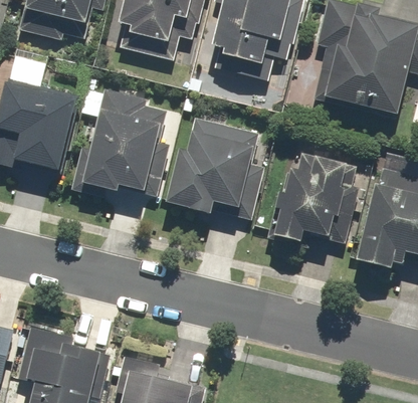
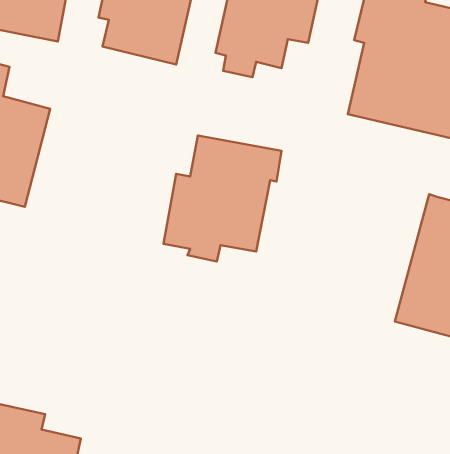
building: [72,88,169,198] -> none
building: [269,153,348,243] -> none

